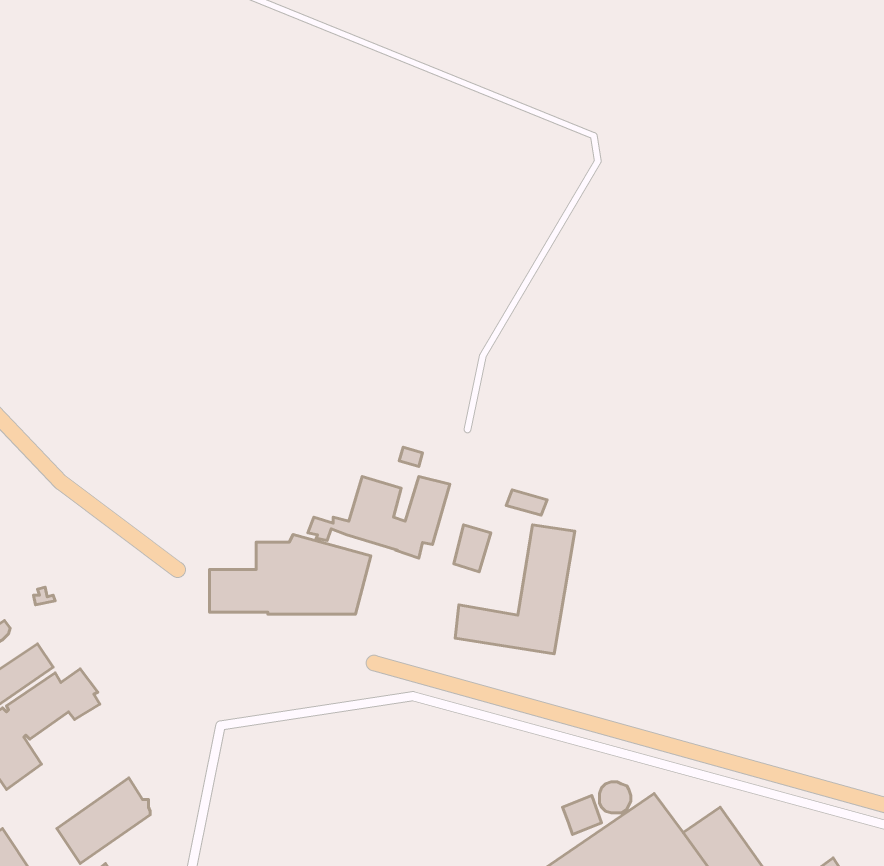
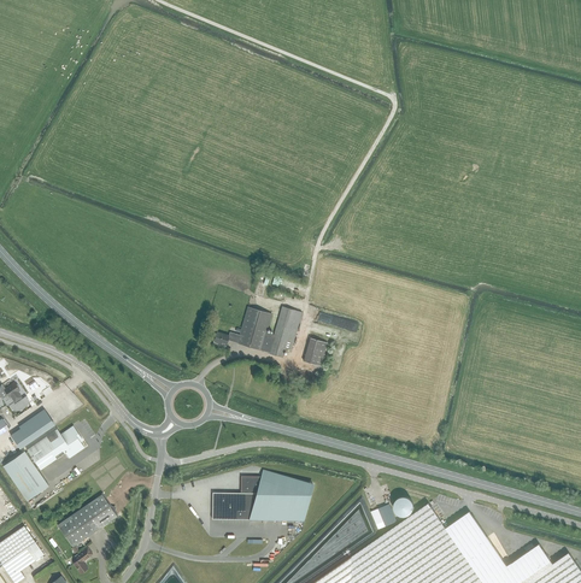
building: [455,525,575,654] -> none
building: [210,534,371,614] -> [212,471,312,520]

